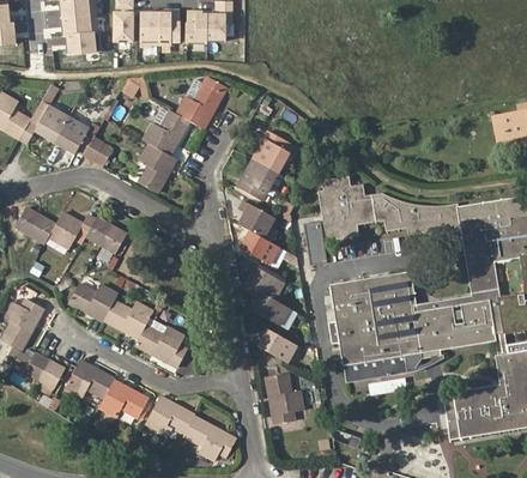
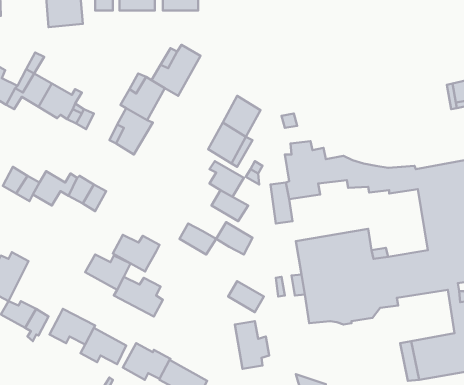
building: [68,283,119,322] -> [113,235,160,271]
building: [250,292,290,326] -> [179,223,216,254]

